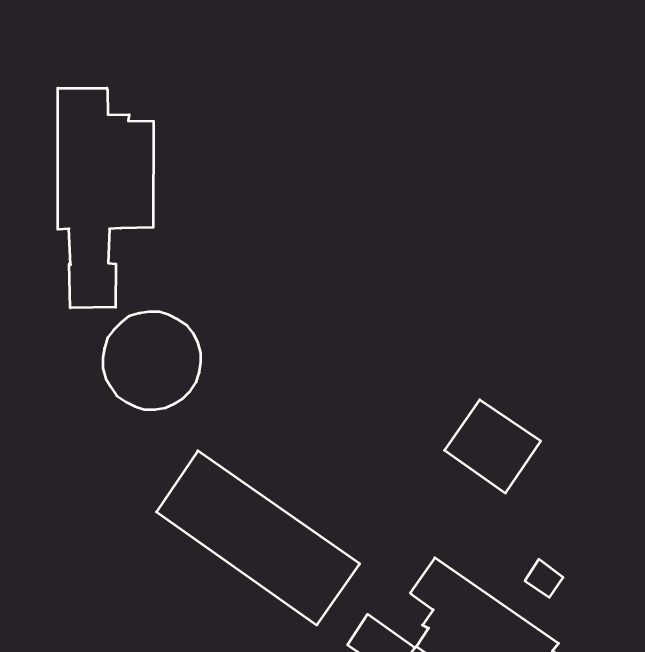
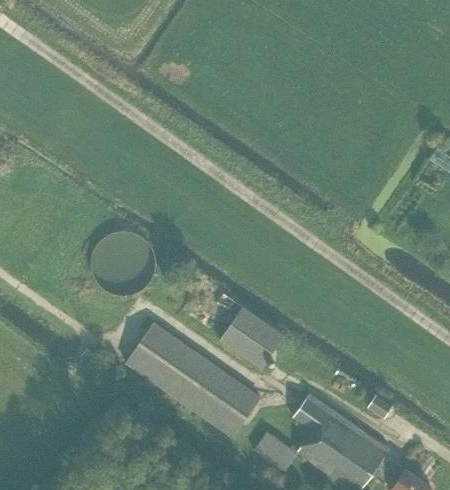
building: [58,88,154,308] -> none
building: [444,400,541,493] -> [220,308,283,369]

